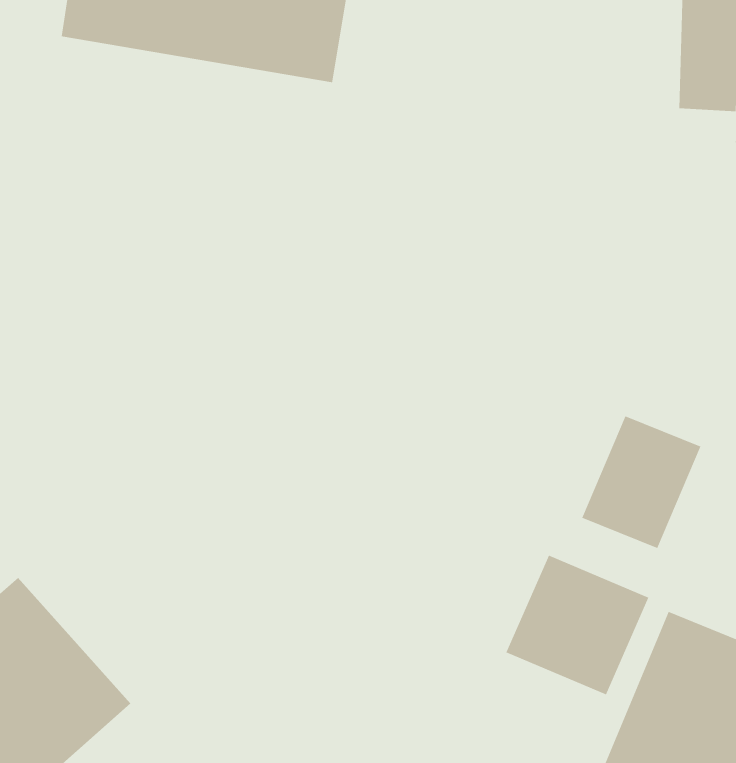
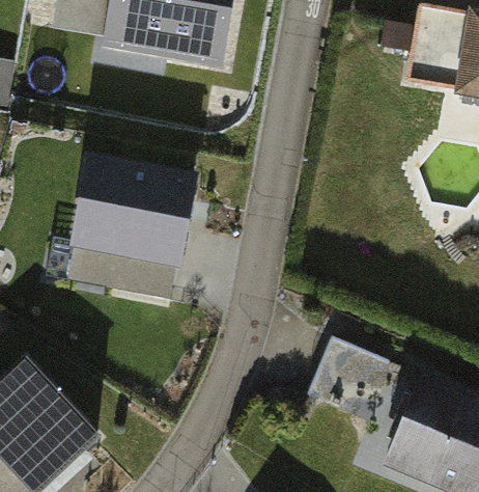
building: none -> [71,163,192,299]
building: [582,415,701,549] -> none

